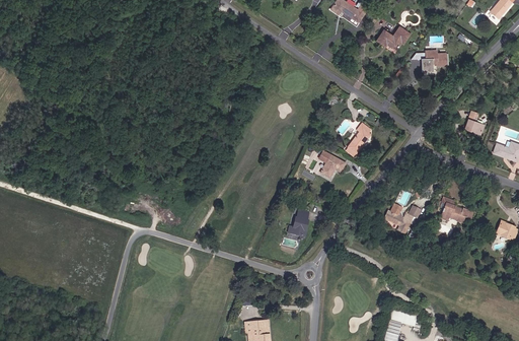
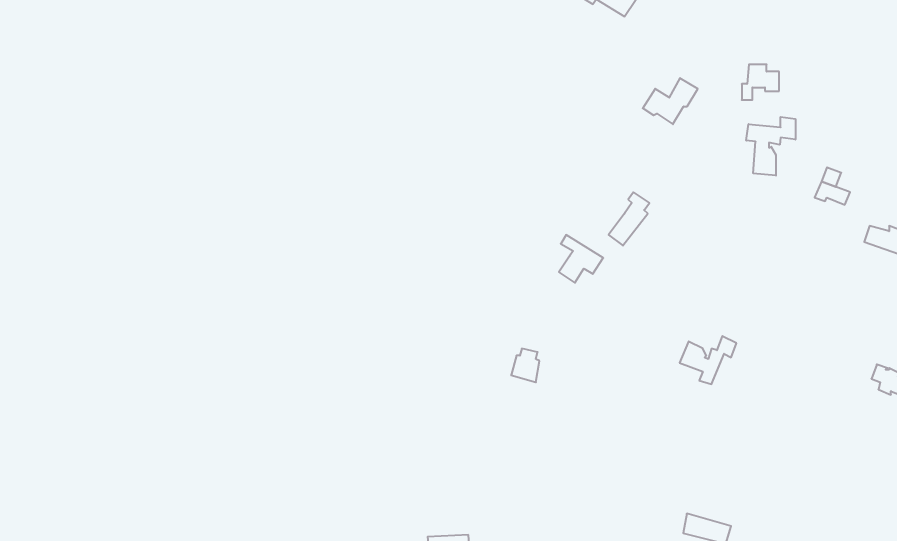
building: [378,25,410,52] -> [643,78,698,124]
building: none -> [746,117,795,176]
building: [436,195,466,222] -> none

